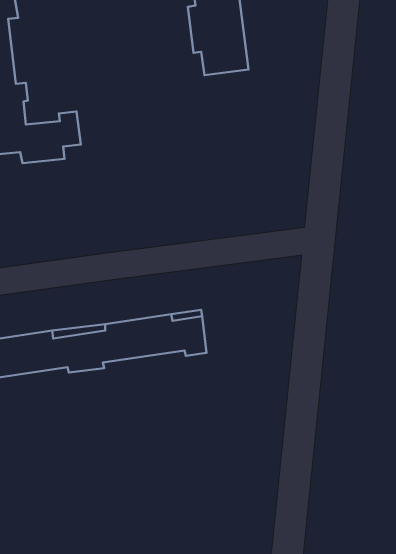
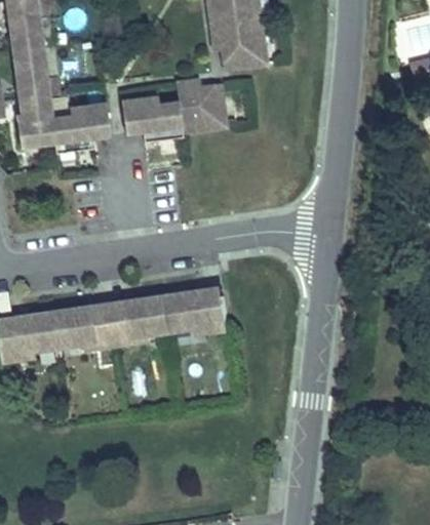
building: none -> [125,73,229,134]

